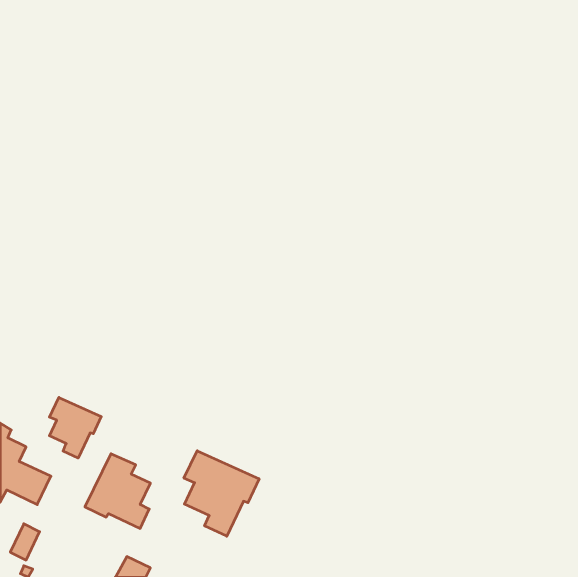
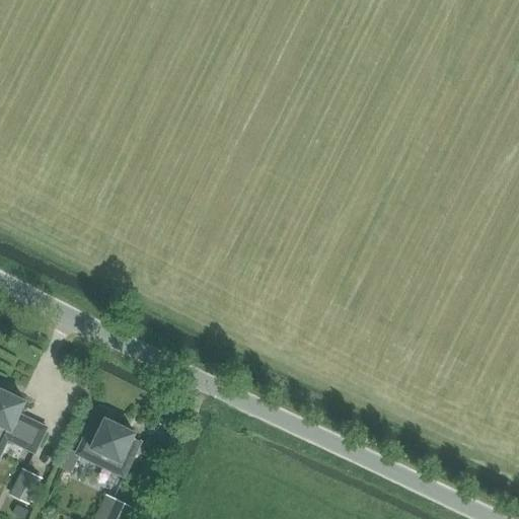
building: [49,397,101,458] -> none
building: [184,451,259,536] -> none

